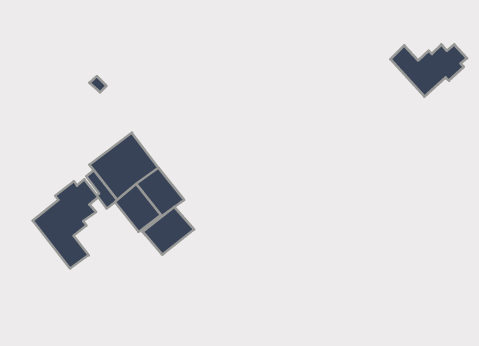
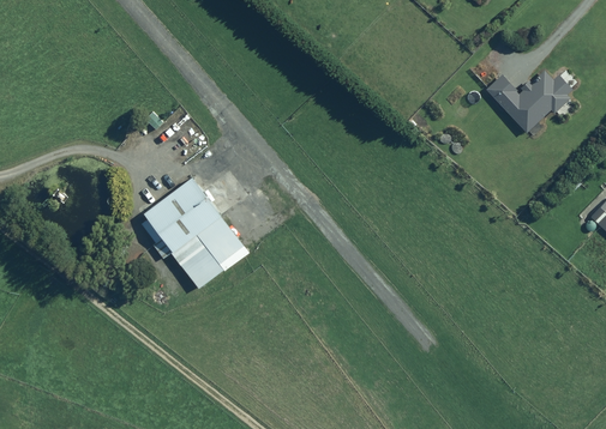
building: [33,179,98,268] -> none
building: [143,207,194,255] -> none

